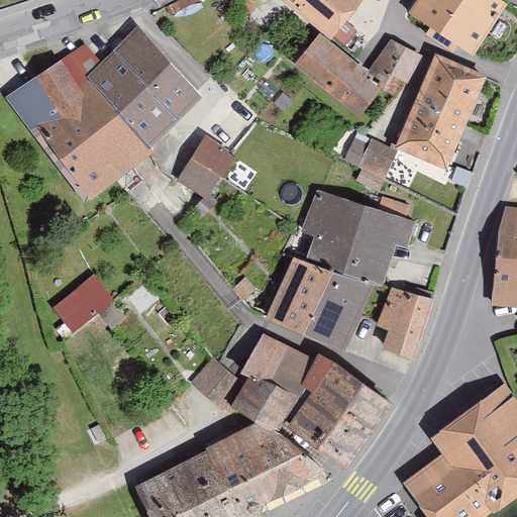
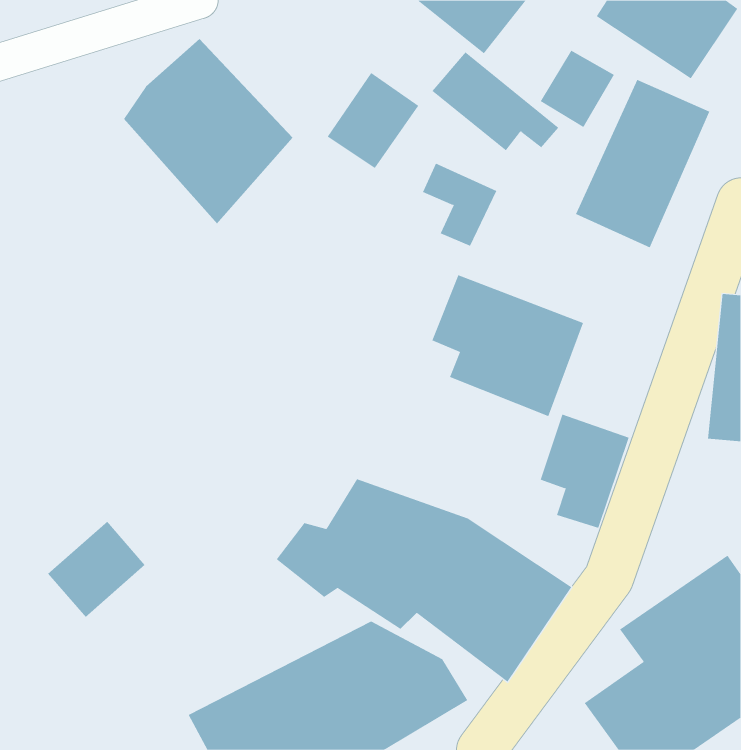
building: [8,49,147,203] -> none
building: [177,132,240,199] -> [327,72,419,169]
building: [342,135,394,193] -> [422,163,497,247]
building: [266,257,378,354] -> none
building: [50,272,118,338] -> [47,521,146,618]

